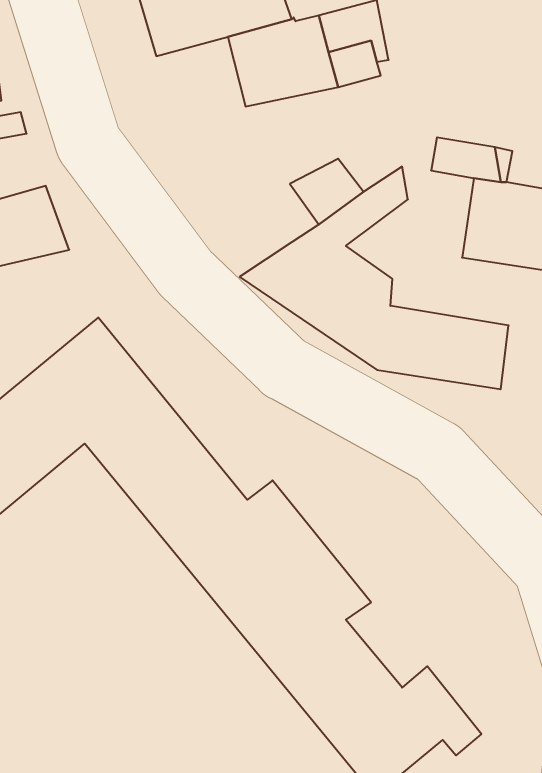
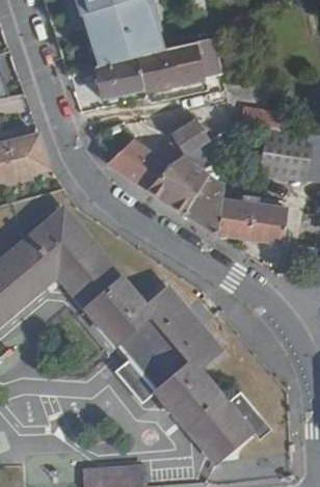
building: none -> [95,56,144,102]
building: none -> [101,137,169,185]

